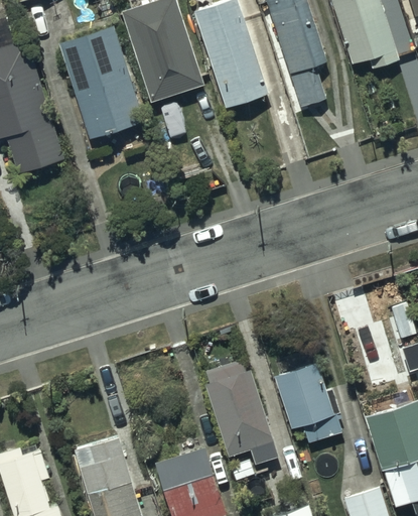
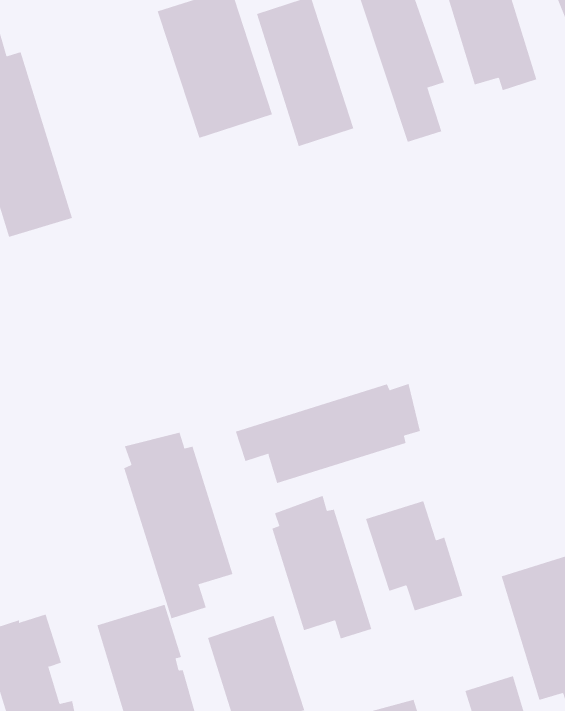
building: [55,24,143,140] -> none
building: none -> [235,383,421,484]
building: none -> [124,432,233,619]

